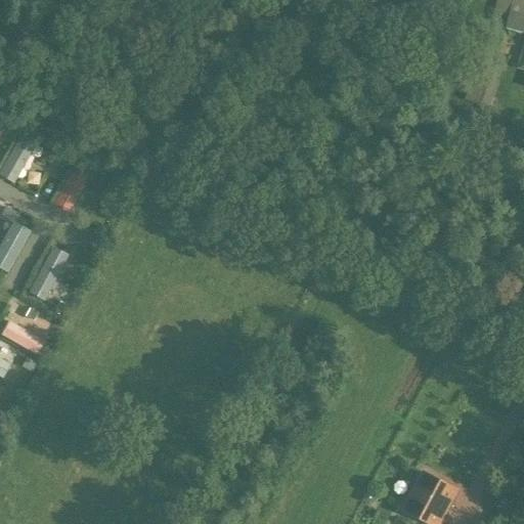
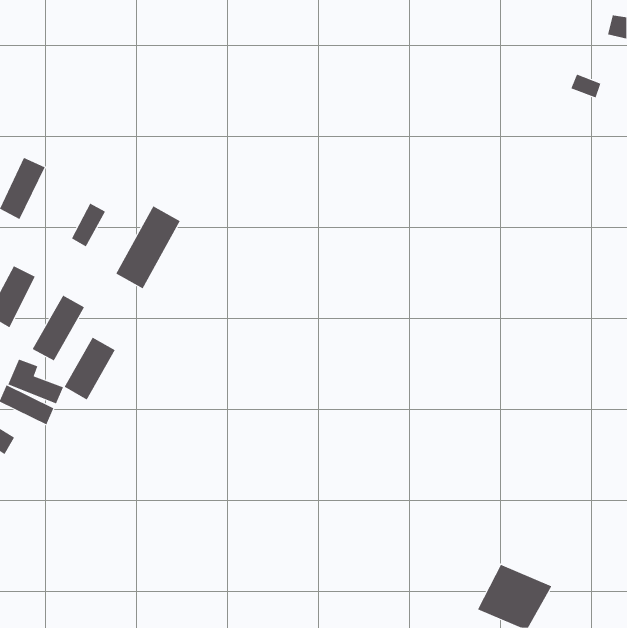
building: none -> [115,205,180,289]
building: none -> [64,337,115,400]

